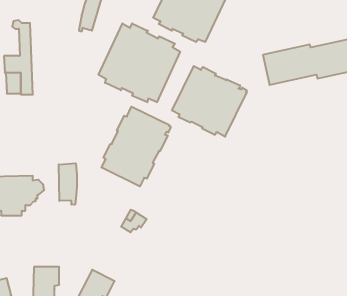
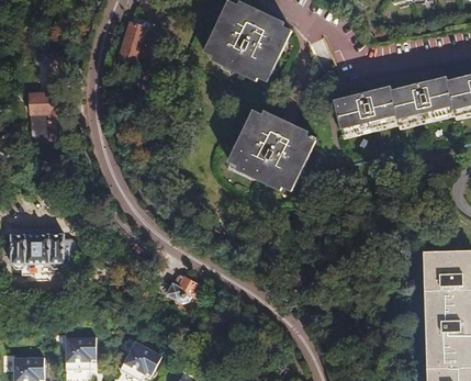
building: [98,23,180,102] -> none
building: [102,107,171,186] -> none
building: [59,163,77,205] -> none

